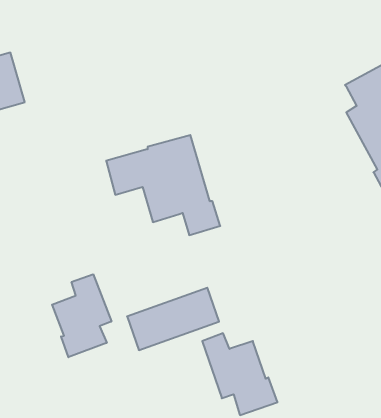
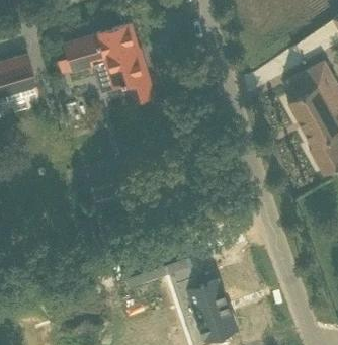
building: [106,135,220,235] -> [65,25,154,103]
building: [52,274,111,357] -> none

